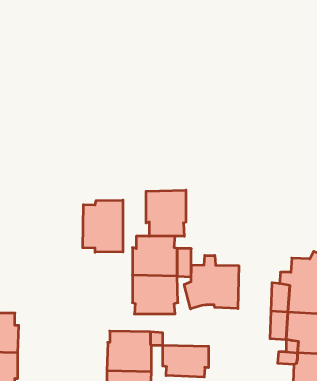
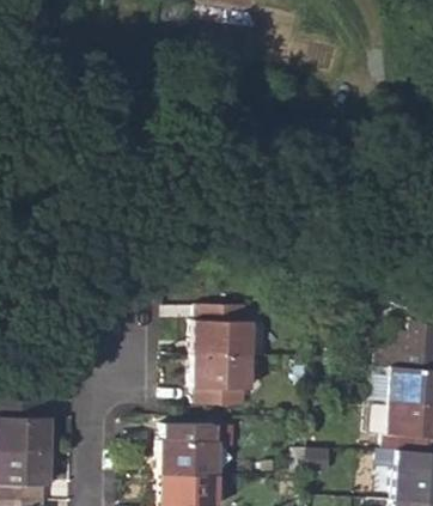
building: [146,190,186,236] -> none
building: [83,200,123,252] -> none
building: [184,255,239,309] -> none
building: [163,345,209,377] -> none

